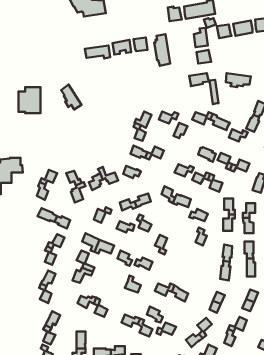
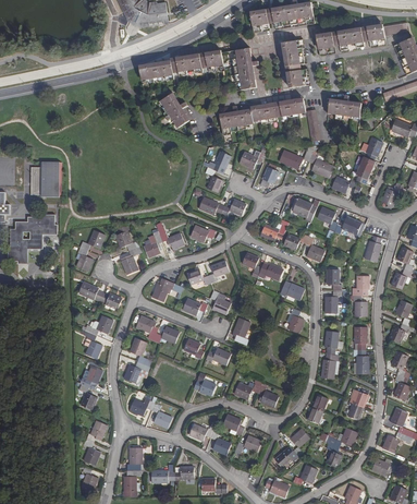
building: none -> [218,104,275,133]
building: [61,84,82,110] -> [160,93,187,127]
building: [19,87,41,113] -> [30,160,60,195]

